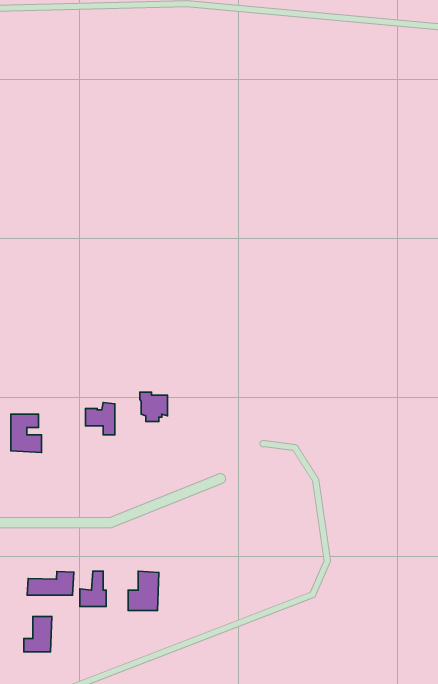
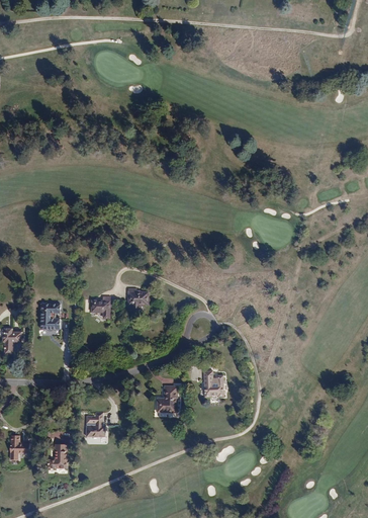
building: none -> [203,371,223,398]
building: [128,571,159,611] -> [157,385,178,413]
building: [27,572,74,595] -> none

